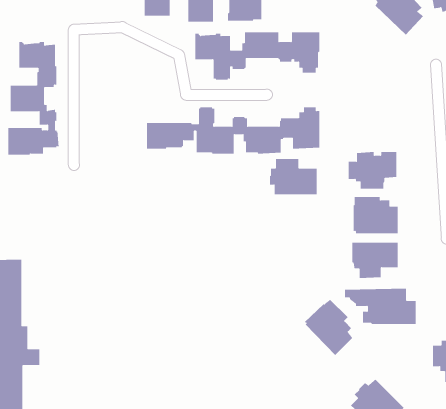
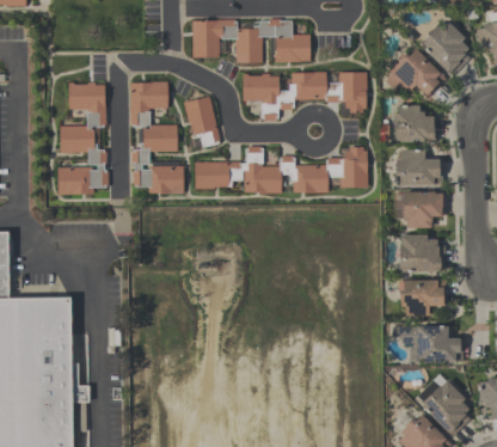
building: none -> [385,49,446,97]
building: none -> [130,82,184,194]
building: none -> [184,97,220,148]
building: none -> [393,105,435,142]
building: [269,158,317,195] -> [394,149,442,185]
building: [304,299,353,356] -> [421,381,470,437]

